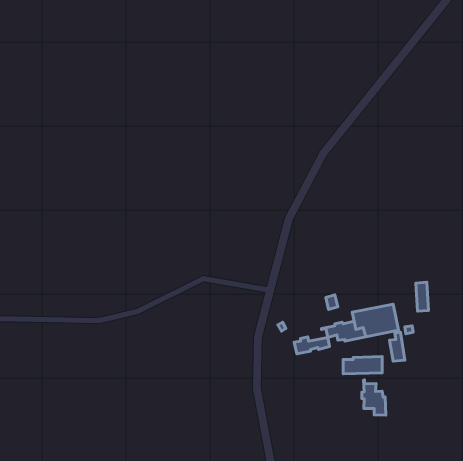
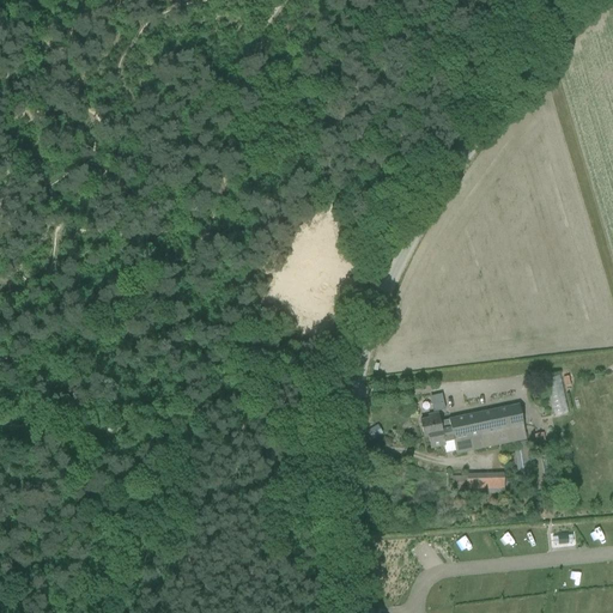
building: [294,337,330,354] -> [421,411,468,433]
building: [362,380,386,415] -> none

